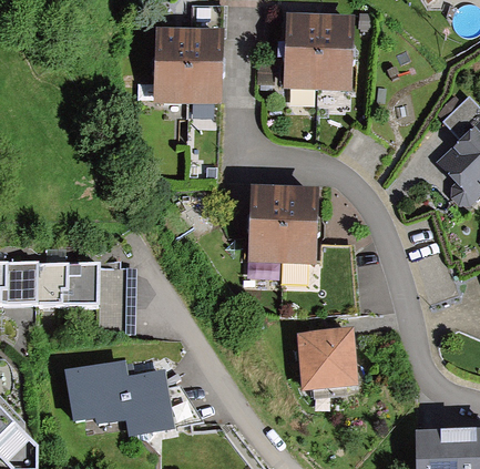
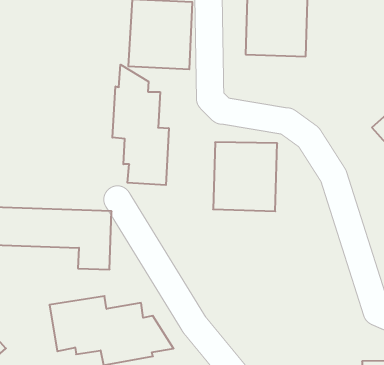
building: none -> [112,65,169,185]
building: [297,327,359,388] -> none

